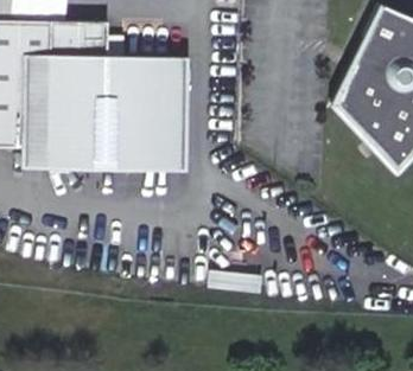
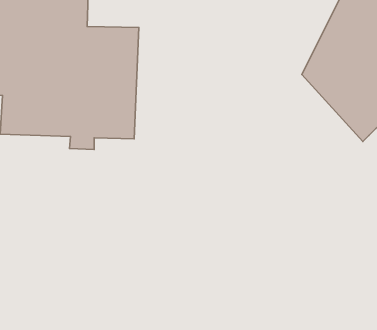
building: [155,53,190,167] -> none

